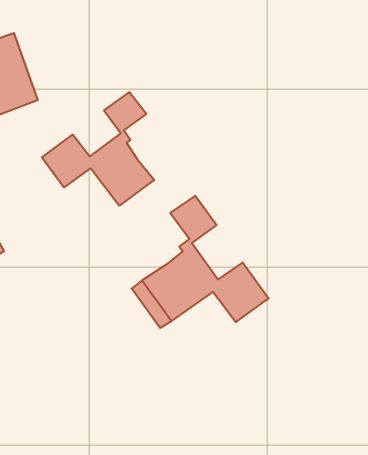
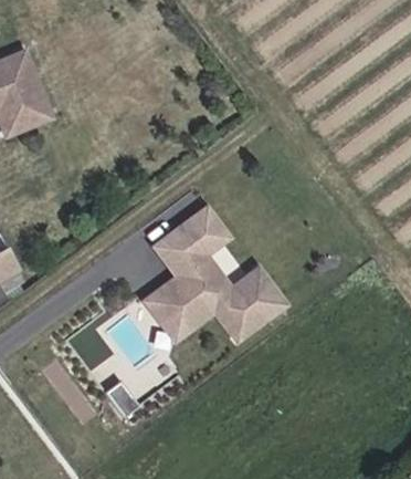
building: [42,92,154,206] -> none
building: none -> [156,228,201,279]

